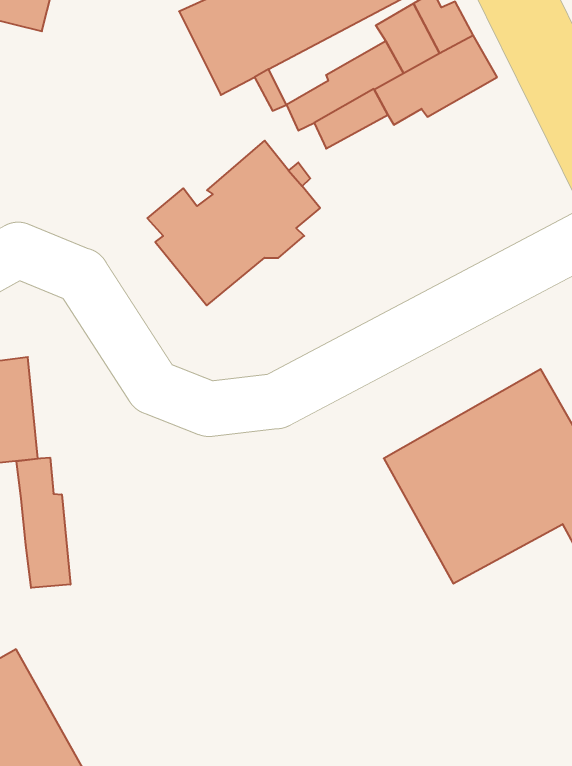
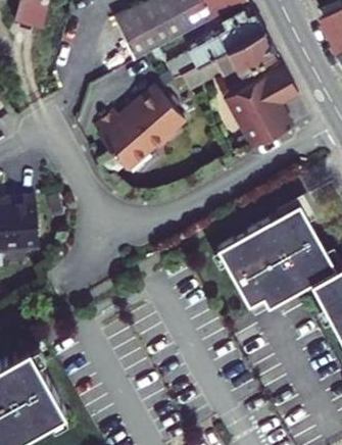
building: none -> [226,66,297,150]
building: [17,458,70,588] -> none

